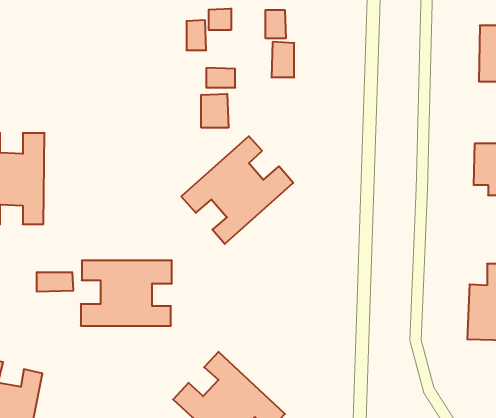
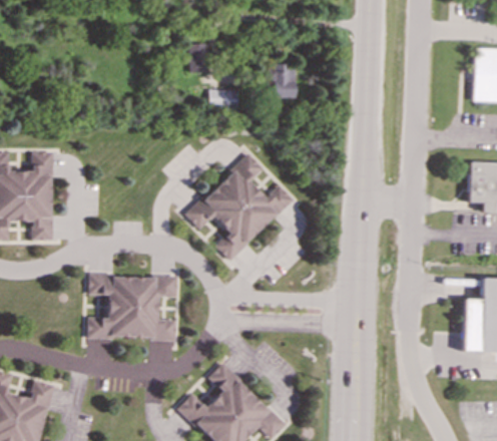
building: [209,8,231,30] -> none
building: [266,10,286,38] -> none
building: [201,94,228,128] -> none
building: [37,272,73,292] -> none

